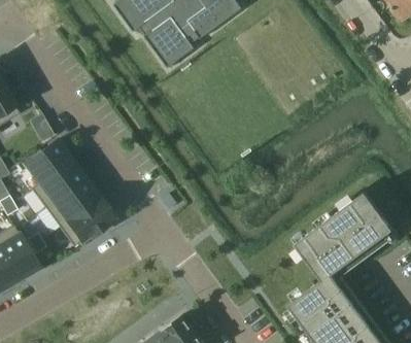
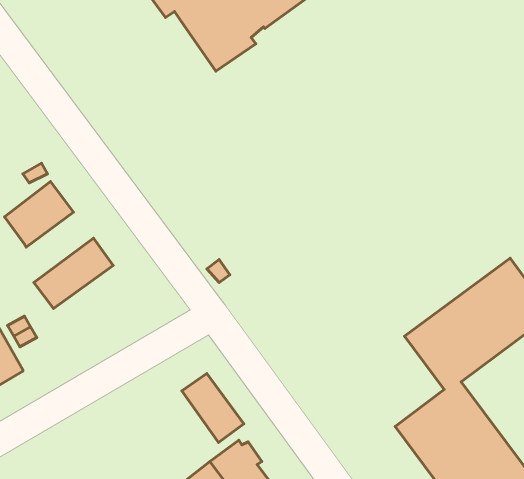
building: [29,161,83,208] -> none
building: [57,197,112,246] -> none
building: none -> [182,373,244,442]

